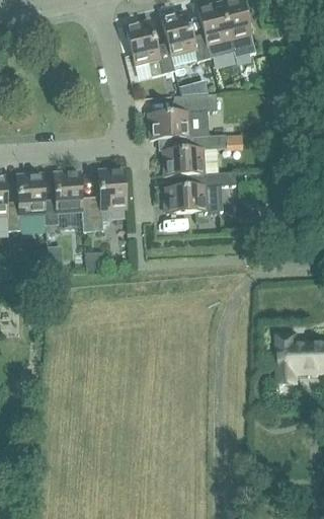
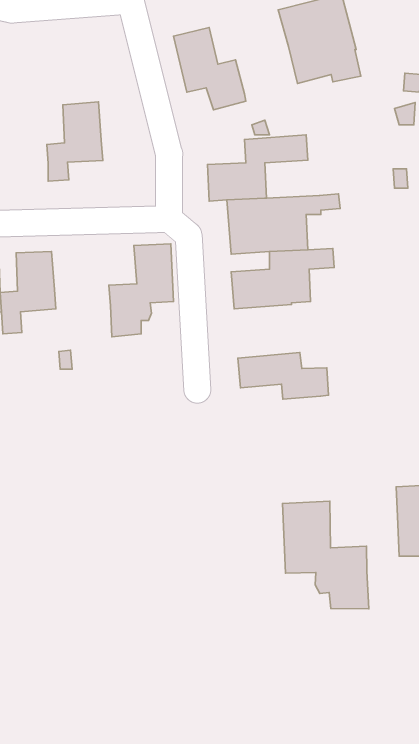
building: [161,10,211,65] -> none
building: [44,170,82,225] -> [47,102,103,181]
building: none -> [238,352,329,399]
building: none -> [283,501,369,609]

